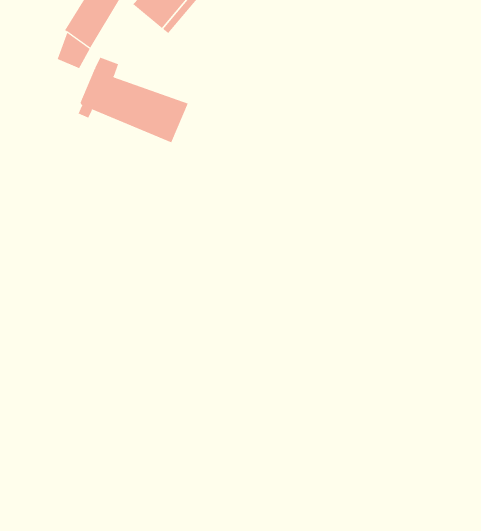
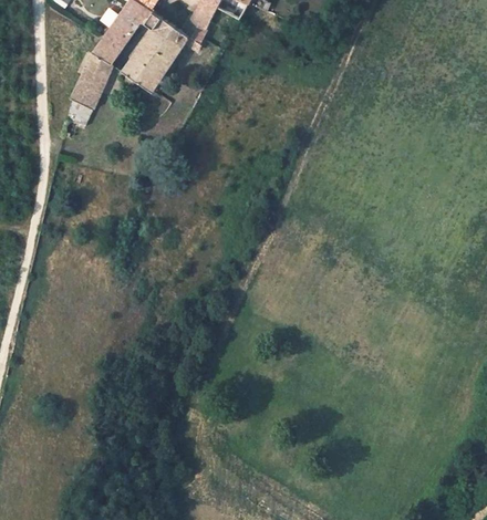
building: [78,57,188,143] -> none

